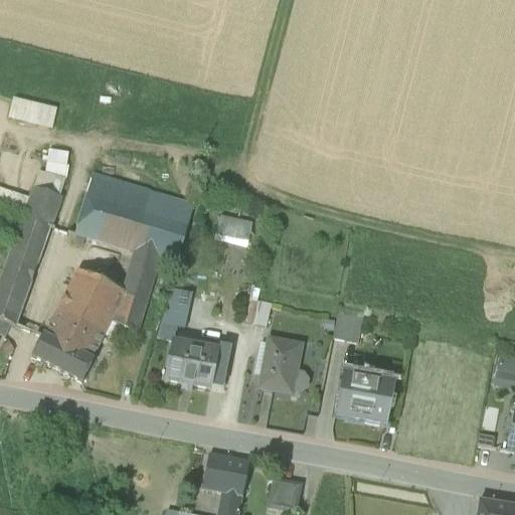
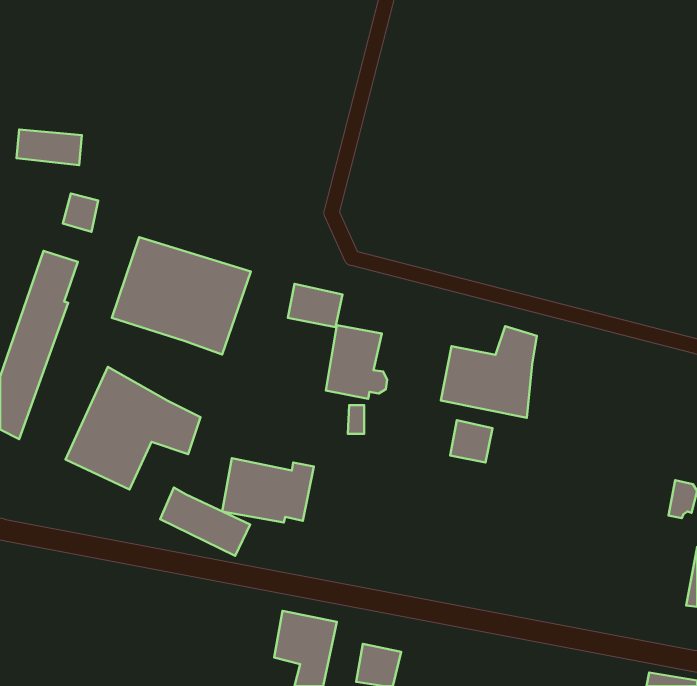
building: none -> [441,326,537,418]
building: [124,251,164,308] -> none
building: [168,285,192,318] -> none
building: [29,334,96,384] -> [160,488,250,556]
building: [260,337,305,391] -> [326,325,387,399]
building: [334,371,393,420] -> none

